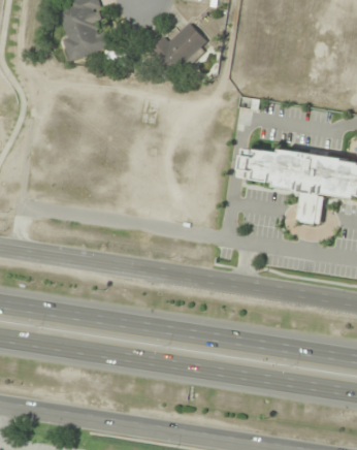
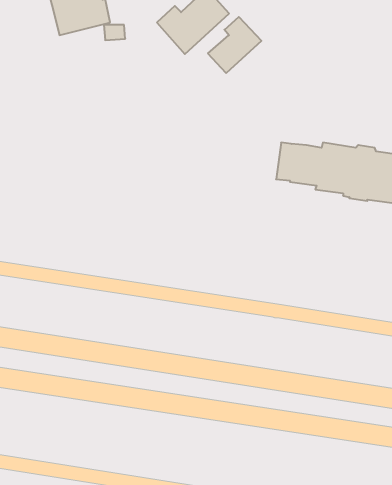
building: none -> [208,17,261,73]
building: [296,194,324,225] -> none

